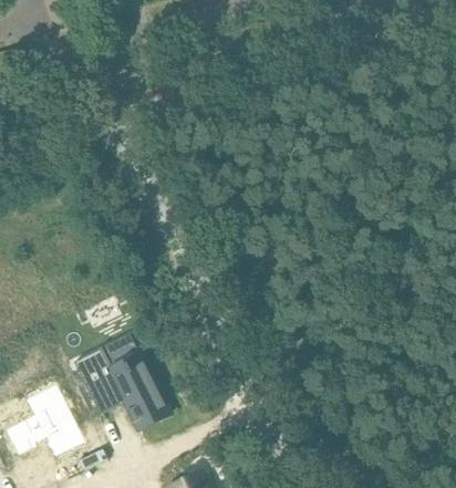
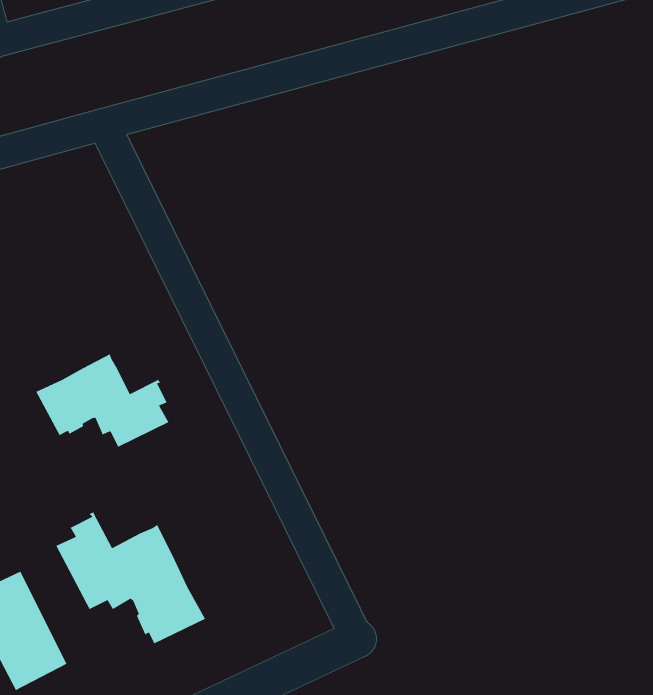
building: none -> [35,353,170,448]

